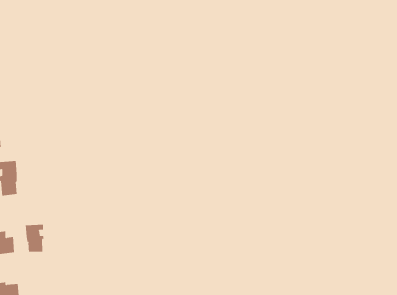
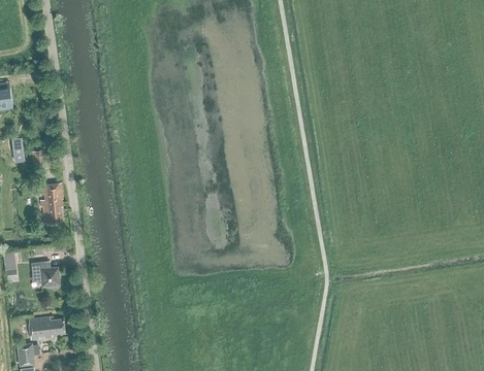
building: [25,224,44,253] -> none

